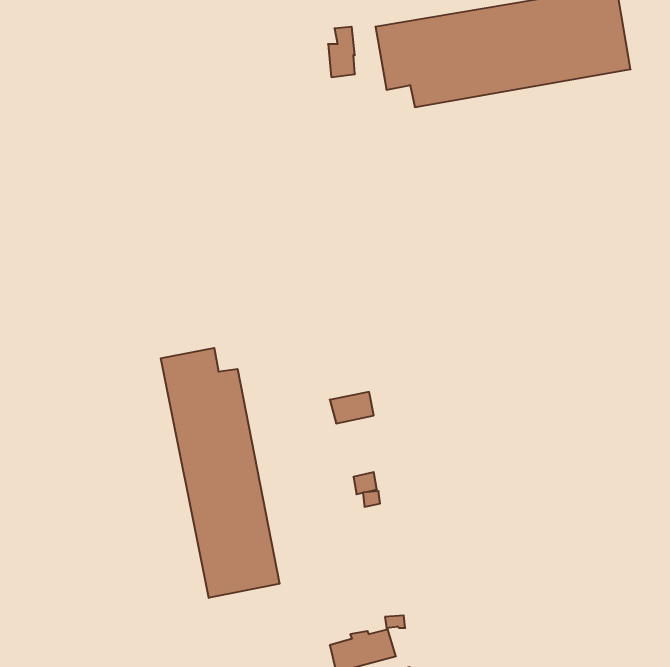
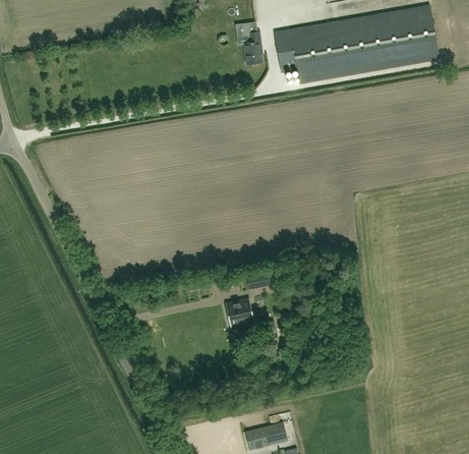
building: [161,348,280,598] -> none
building: none -> [225,296,252,326]

